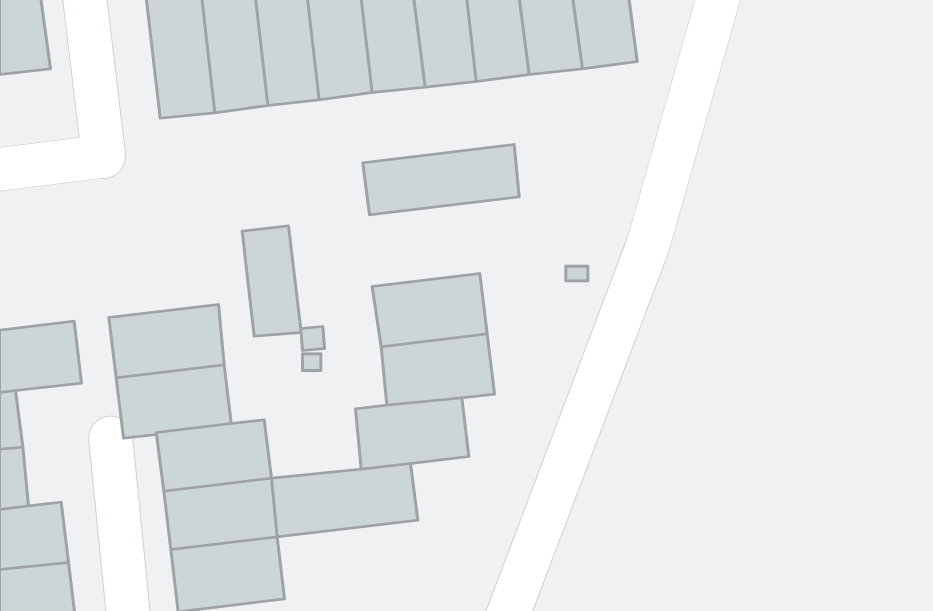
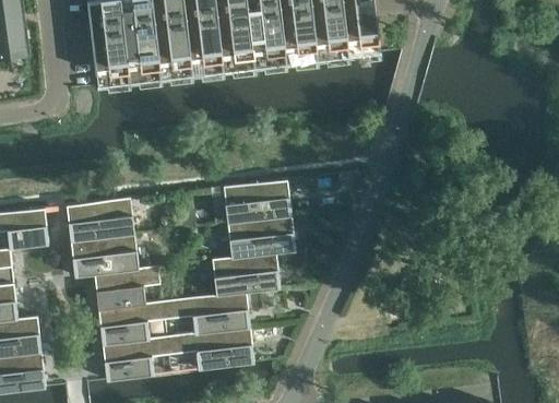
building: [363,144,519,215] -> none
building: [242,226,301,336] -> none
building: none -> [166,329,254,376]

